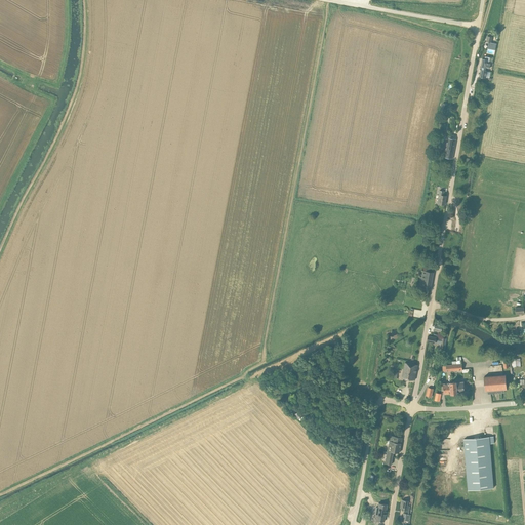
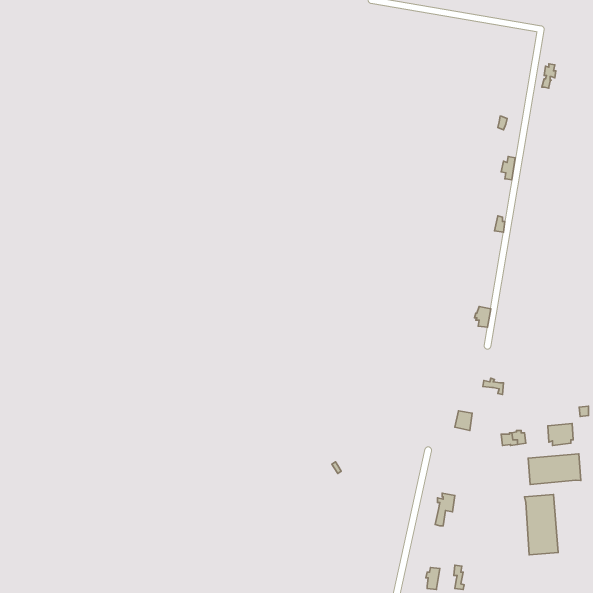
building: none -> [528,454,581,485]

